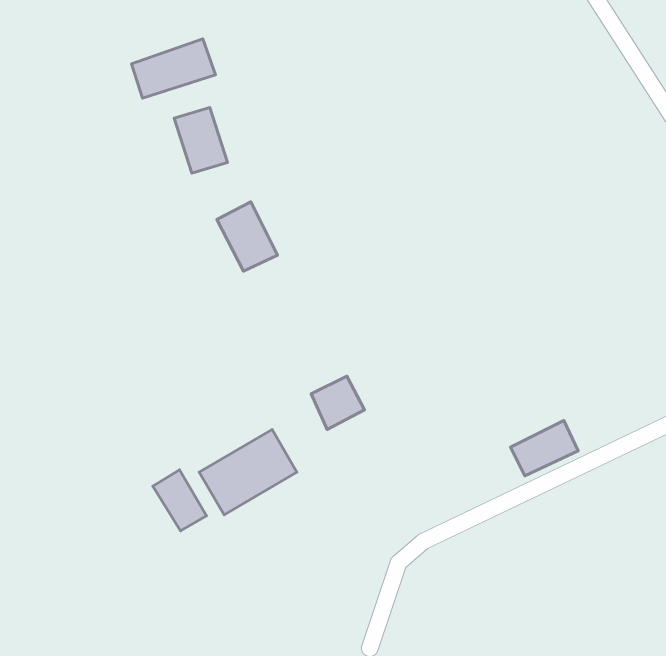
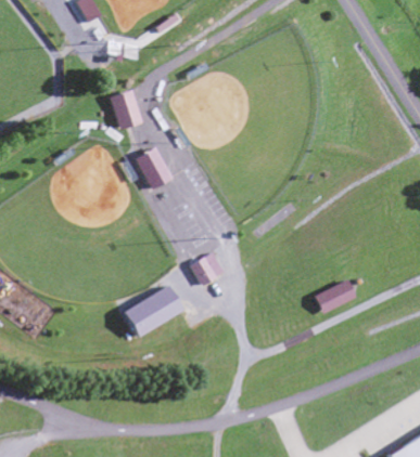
building: [132,39,216,98] -> none
building: [153,470,206,531] -> none

